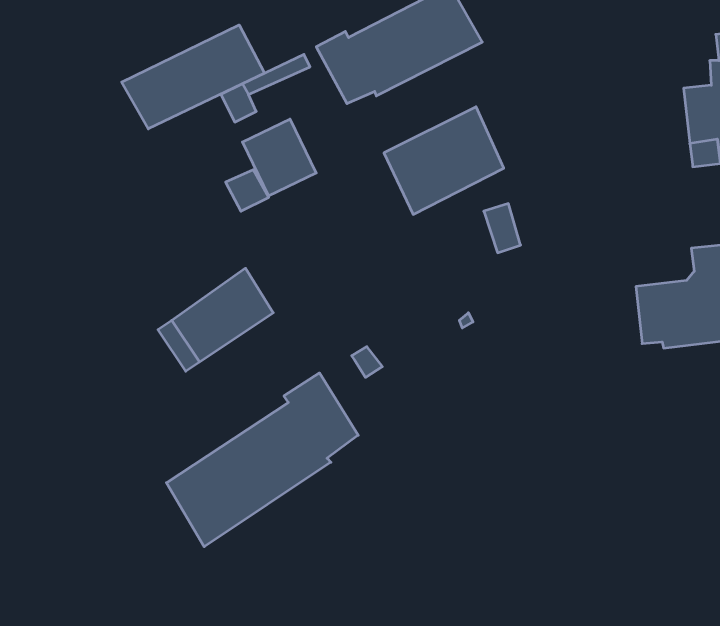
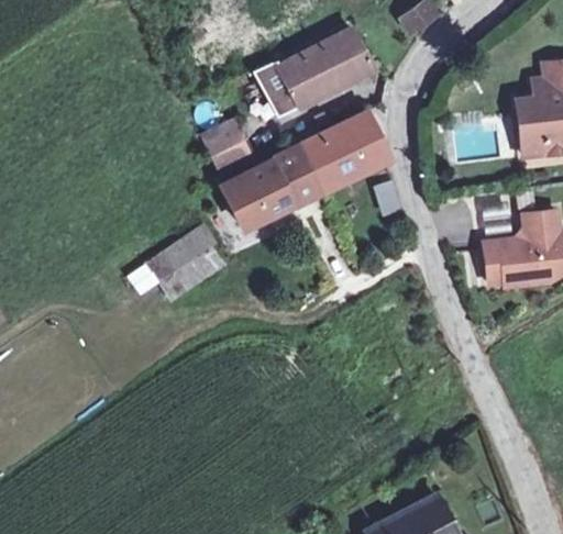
building: [122,25,264,129] -> none
building: none -> [223,145,323,226]
building: [166,373,358,547] -> none

